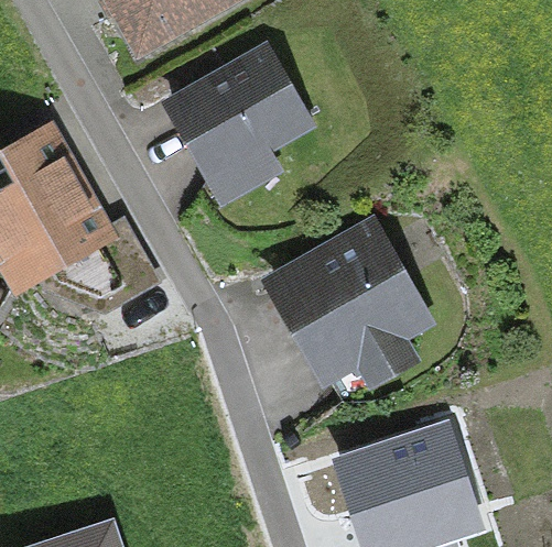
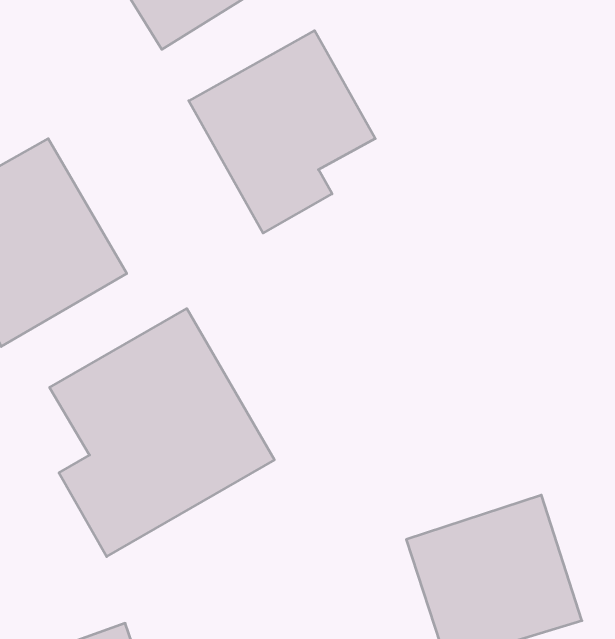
building: [268,221,427,389] -> none
building: none -> [50,309,274,557]

